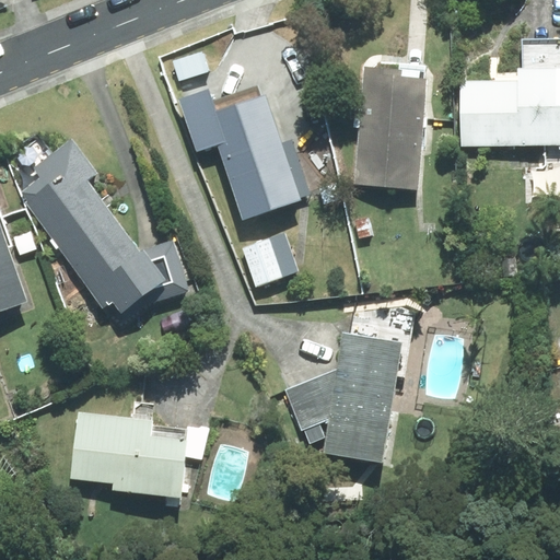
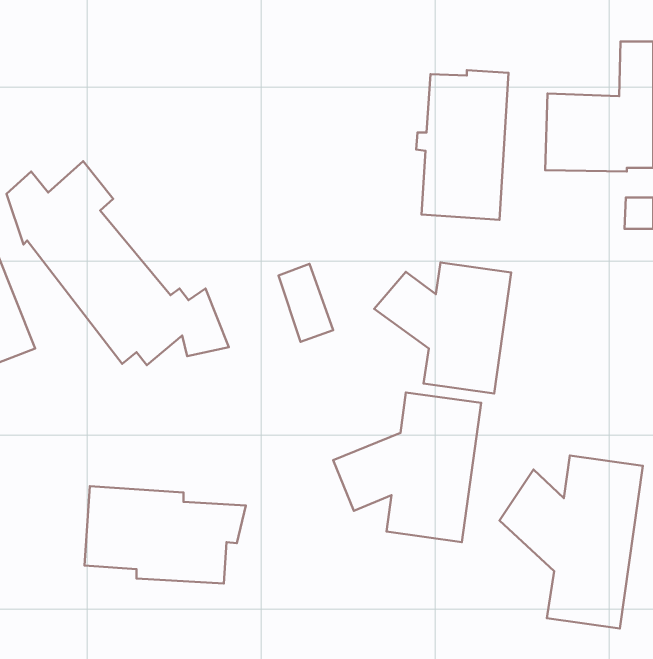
building: [179,88,304,220] -> none
building: none -> [374,262,511,393]
building: none -> [499,455,643,629]

